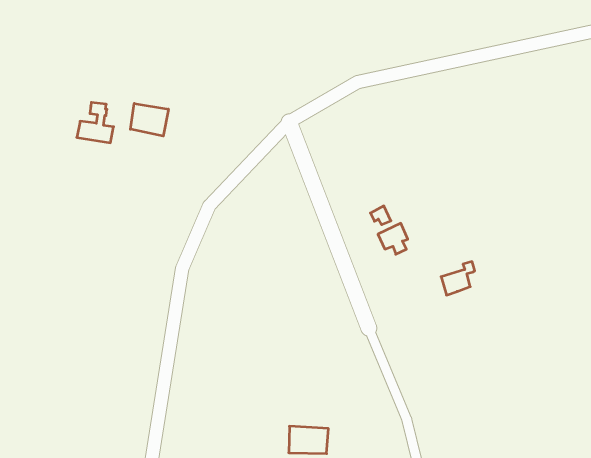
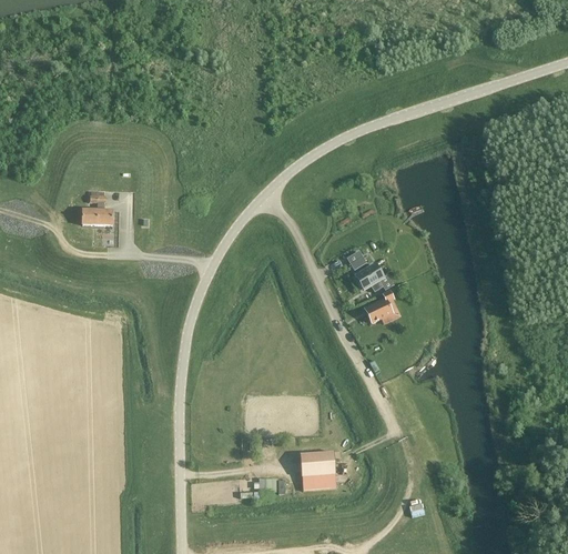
building: [130,103,168,136] -> none
building: [441,262,475,295] -> [365,291,394,323]

